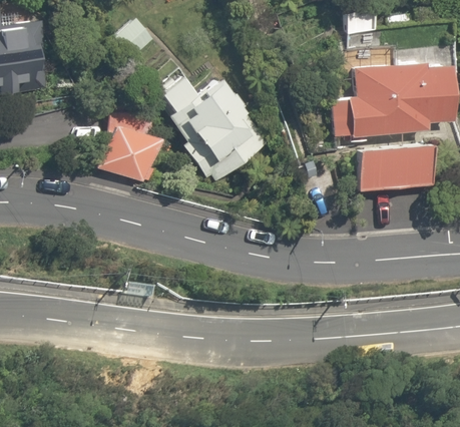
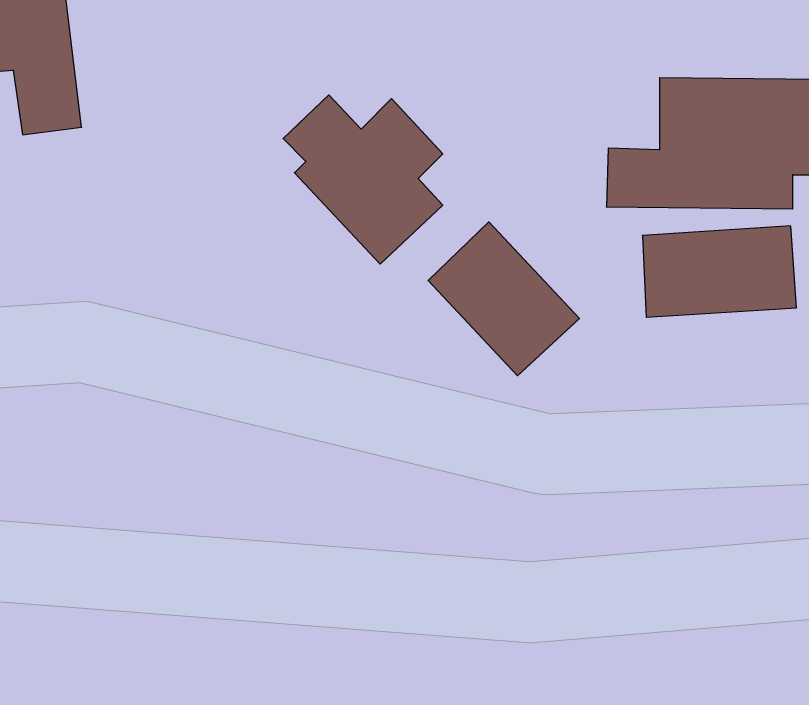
building: [93,109,160,182] -> none
building: none -> [428,222,579,376]

